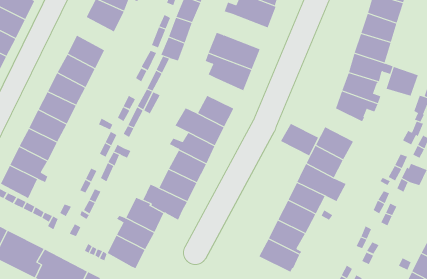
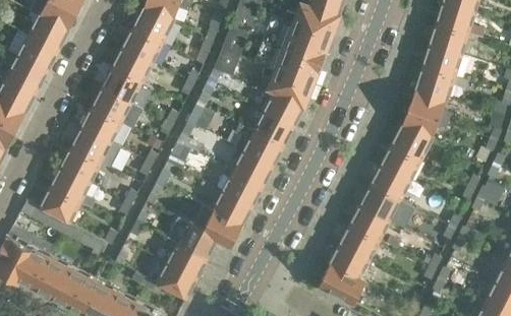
building: none -> [273,21,329,62]
building: none -> [122,27,163,63]
building: [386,66,418,97] -> none
building: none -> [263,93,301,126]
building: [280,123,319,156] -> [390,126,432,162]

